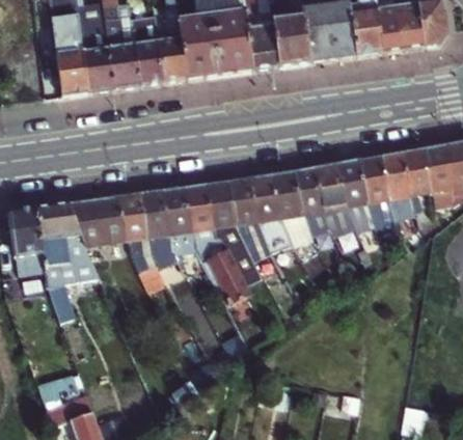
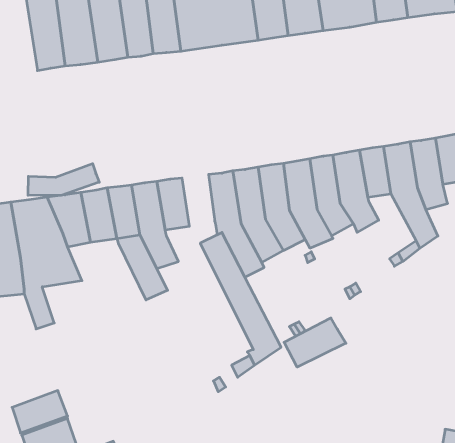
building: none -> [28,164,99,195]
building: [185,185,213,229] -> none
building: none -> [284,318,346,367]

